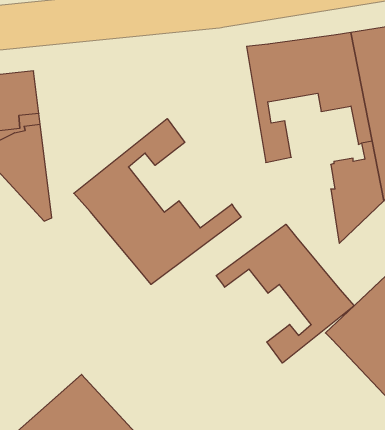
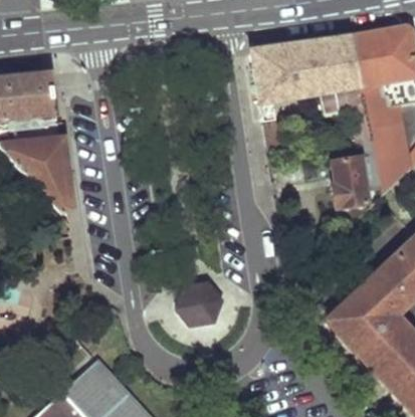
building: [74,119,241,284] -> none
building: [216,224,354,363] -> none
building: none -> [182,286,217,322]

